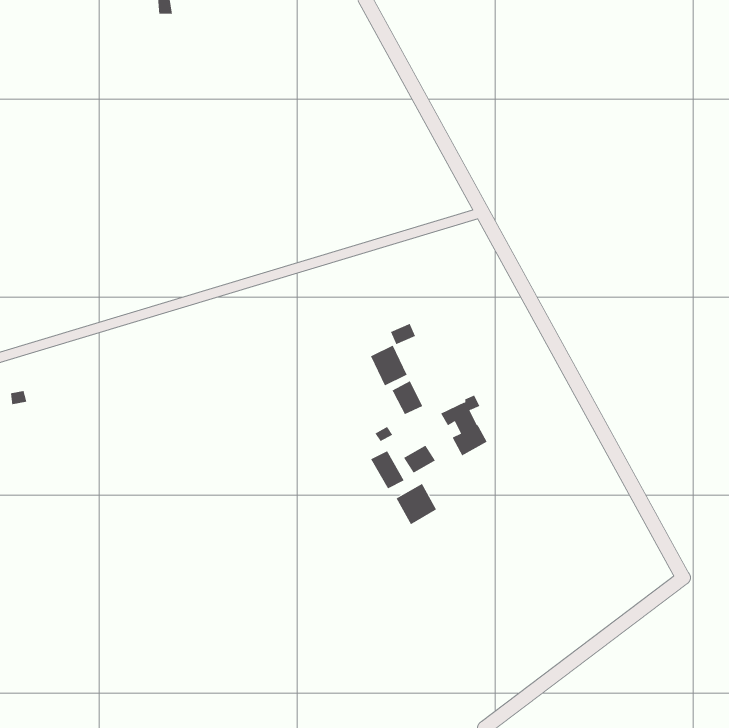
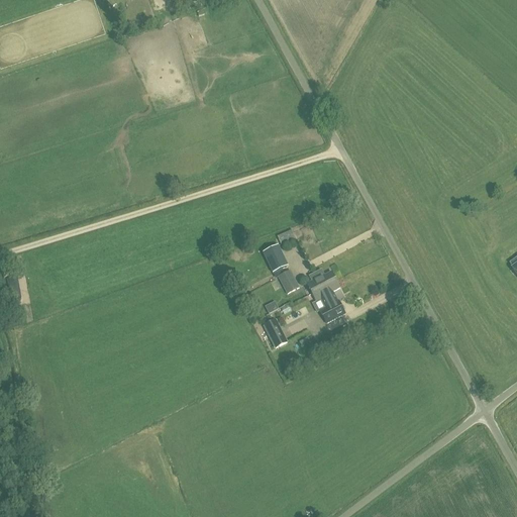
building: none -> [306,269,335,292]
building: [396,483,437,525] -> none

